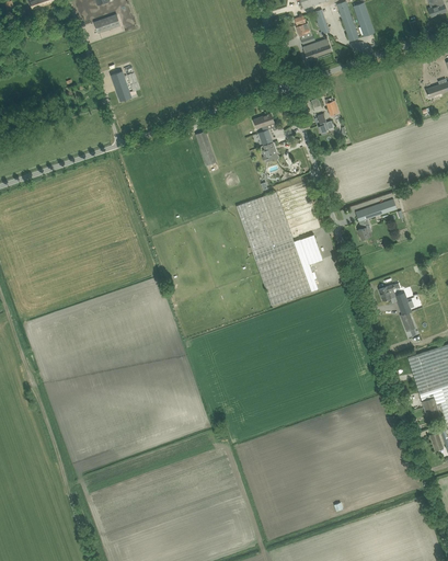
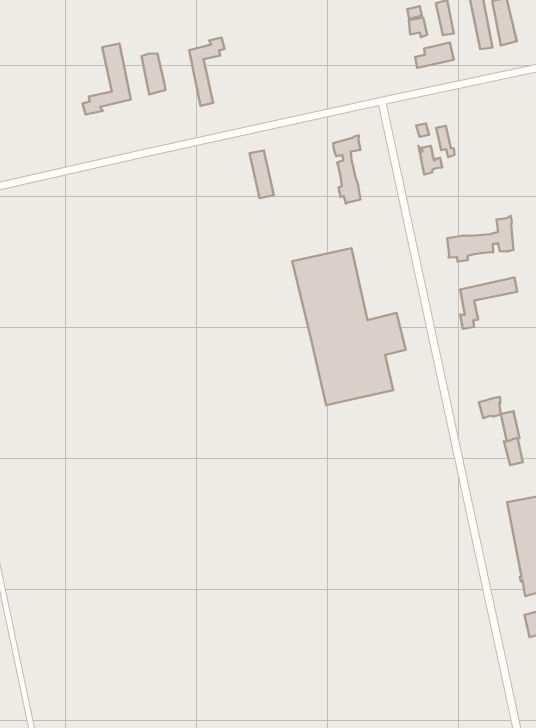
building: none -> [189,38,224,106]
building: none -> [82,44,131,115]
building: none -> [447,216,514,261]

